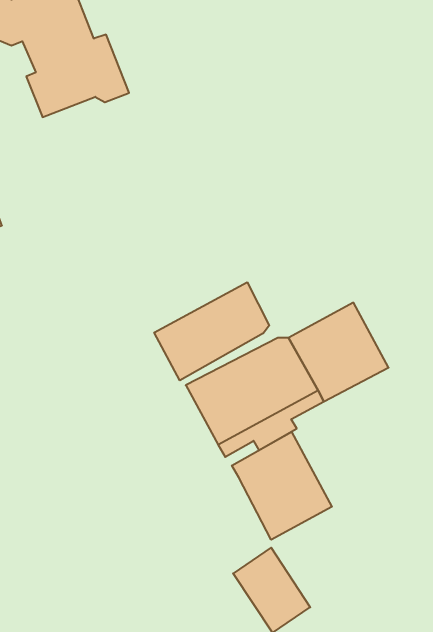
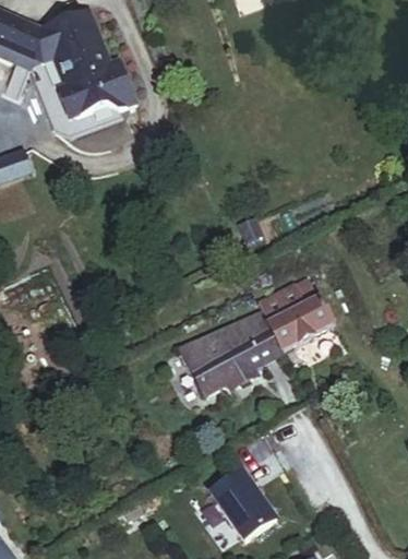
building: [154,282,269,380] -> none
building: [232,432,332,540] -> none

